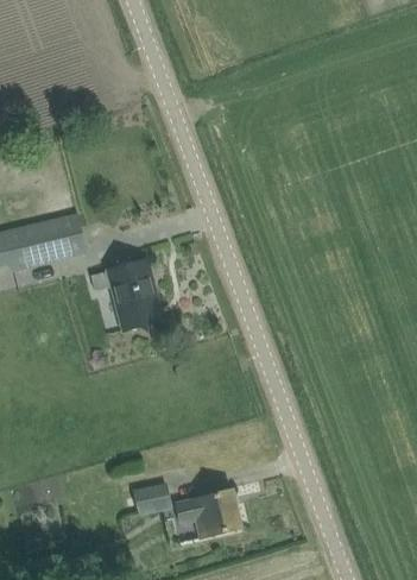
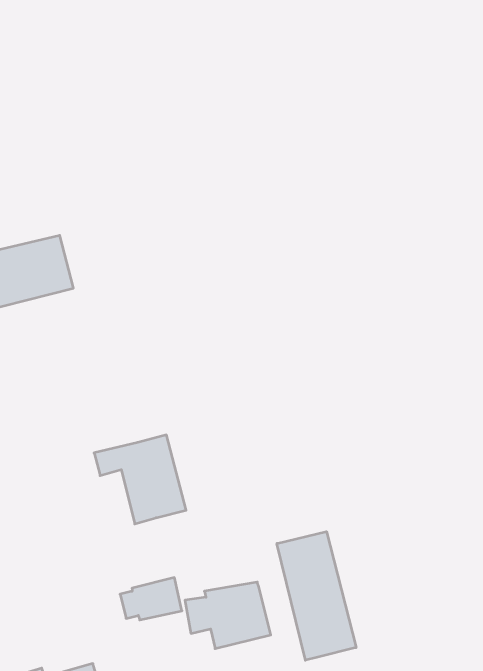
building: [88,260,160,330] -> [94,435,186,524]
building: none -> [277,532,356,660]

